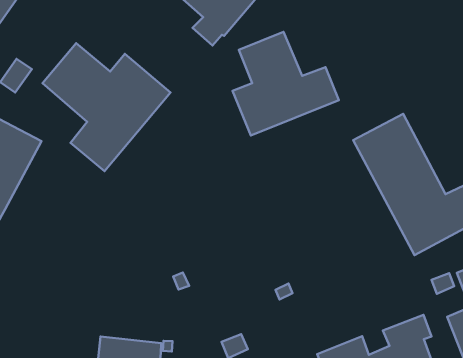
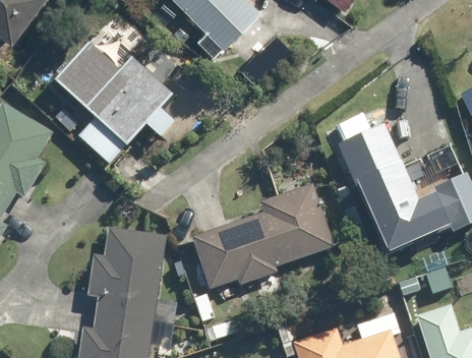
building: [233,32,339,136] -> none
building: none -> [192,185,335,289]
building: none -> [98,229,166,324]

